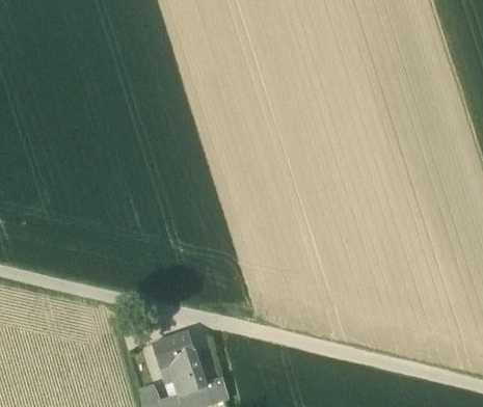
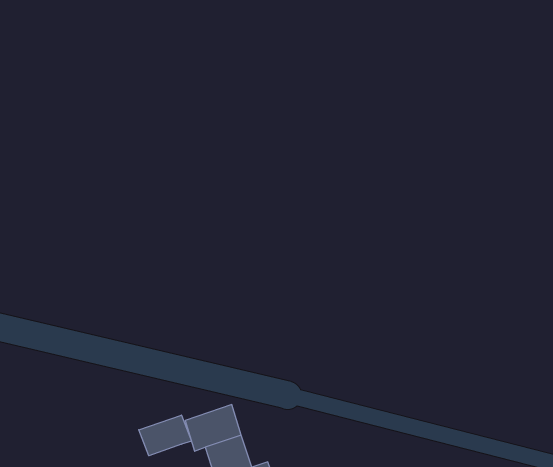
building: none -> [139,415,191,456]

